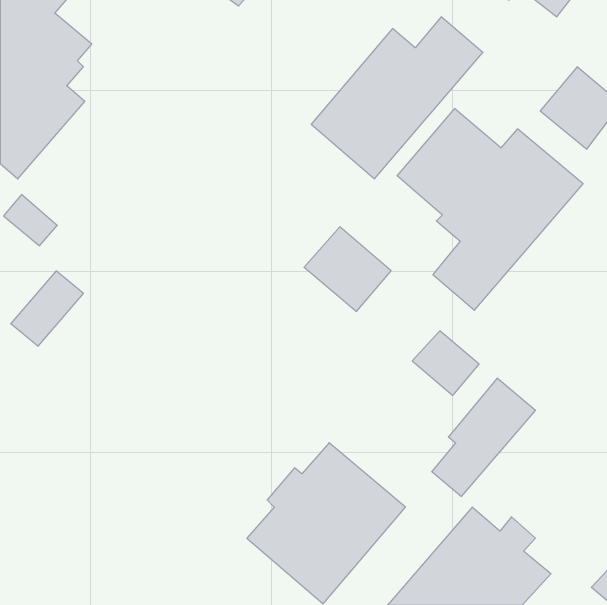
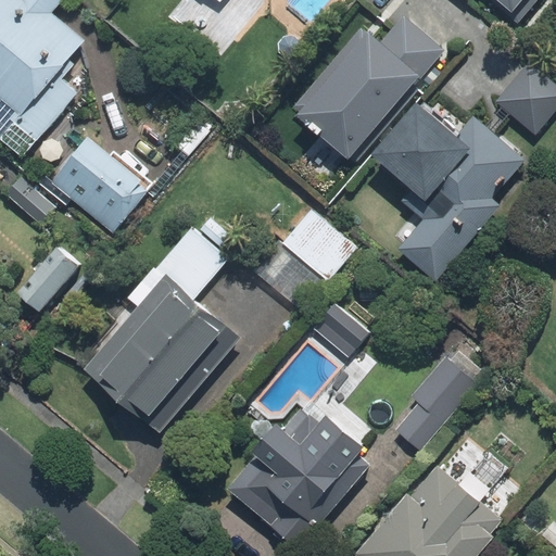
building: none -> [51,140,153,232]
building: none -> [79,216,243,435]
building: [412,331,479,395] -> [309,302,370,361]

